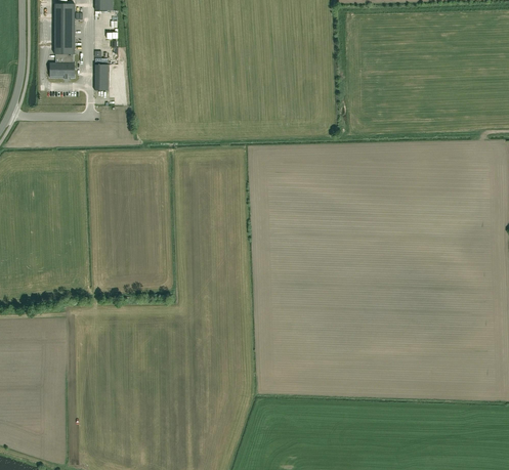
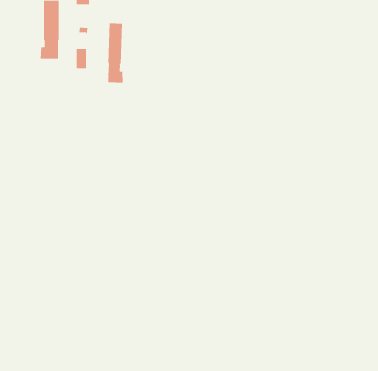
building: none -> [108,22,123,84]

